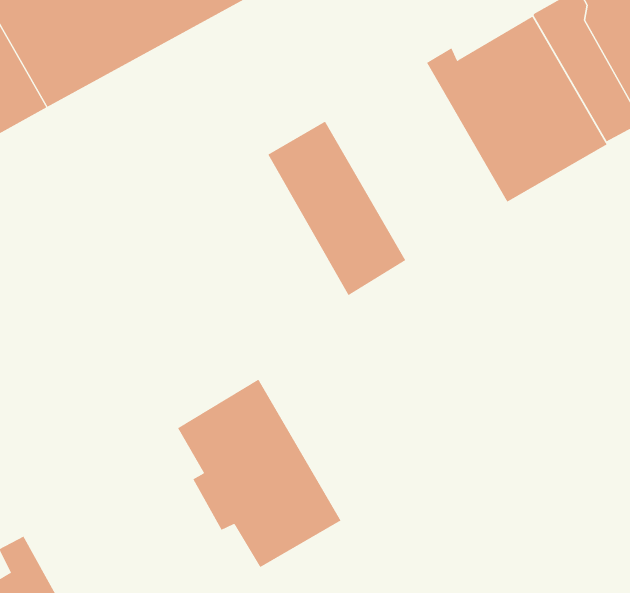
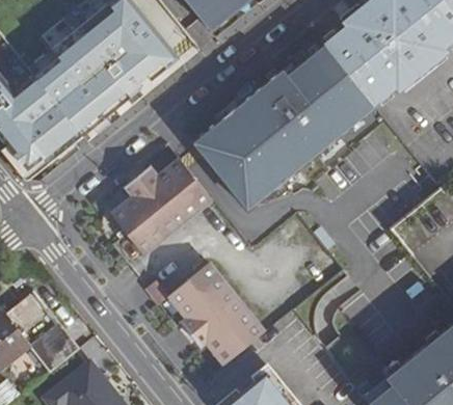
building: none -> [221,80,325,187]
building: none -> [111,159,211,253]

